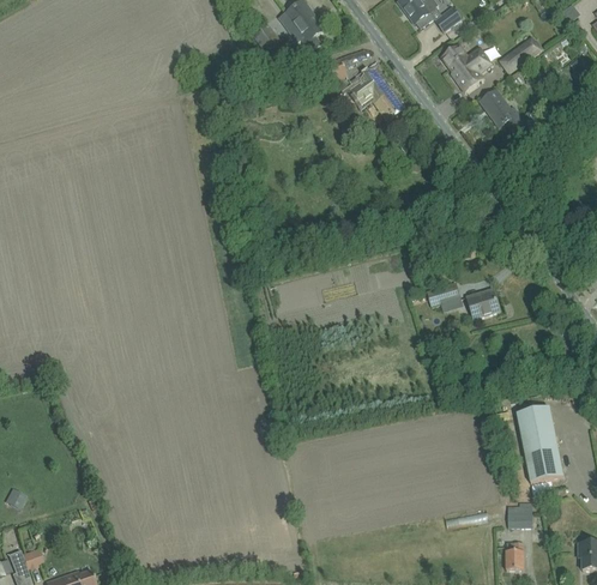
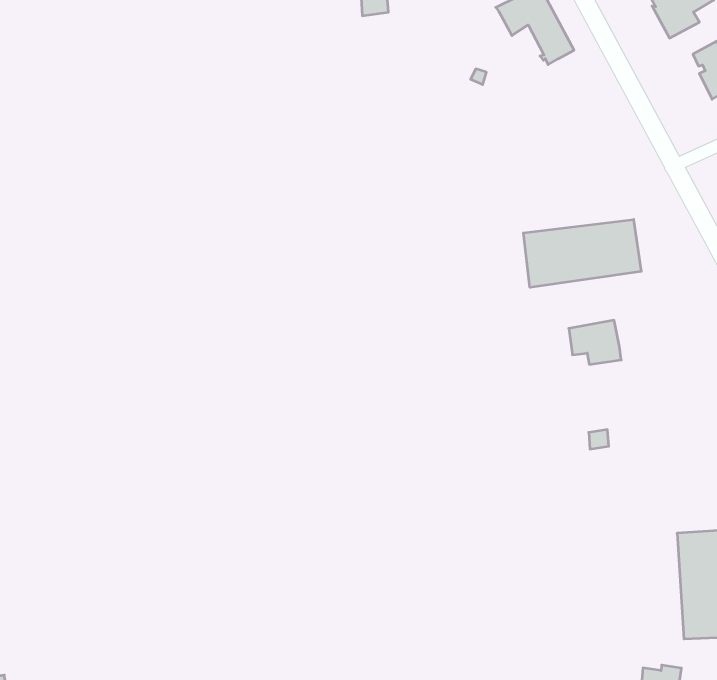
building: none -> [523,219,641,287]
building: [465,290,499,319] -> none

